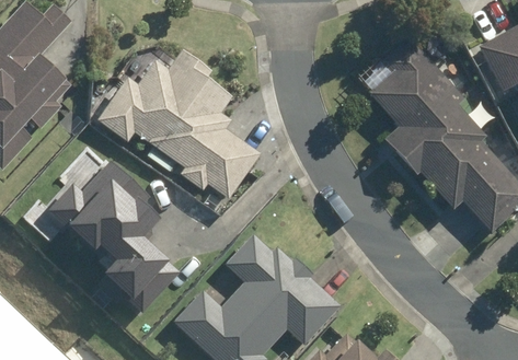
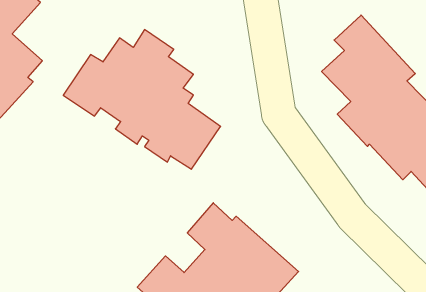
building: [45,158,182,309] -> none

